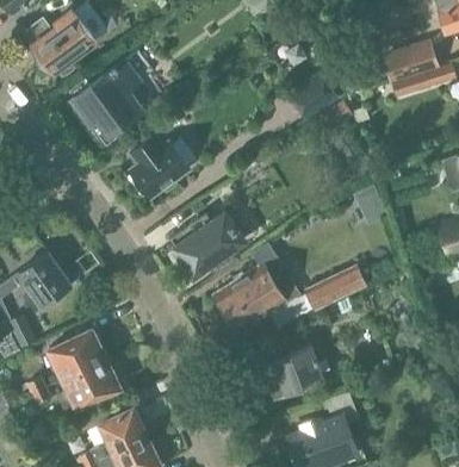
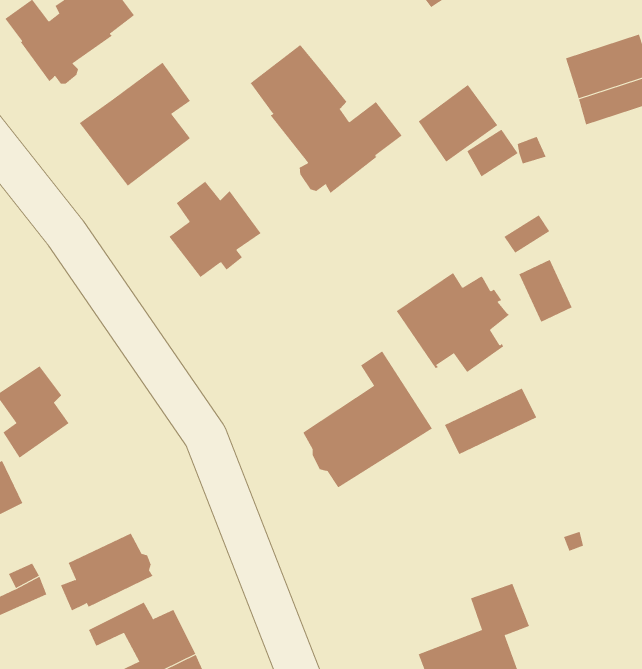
building: none -> [250,44,403,194]
building: [169,213,242,278] -> [396,272,510,373]
building: [50,330,105,379] -> none
building: [262,344,321,398] -> none

